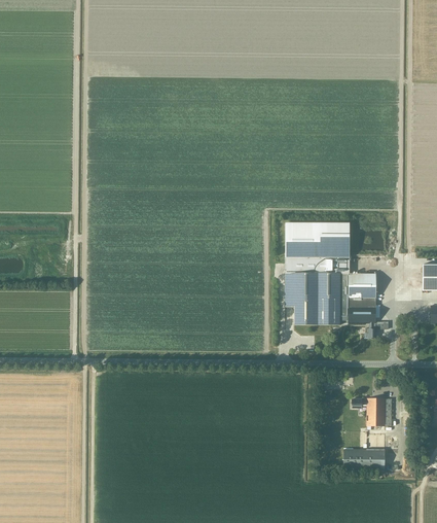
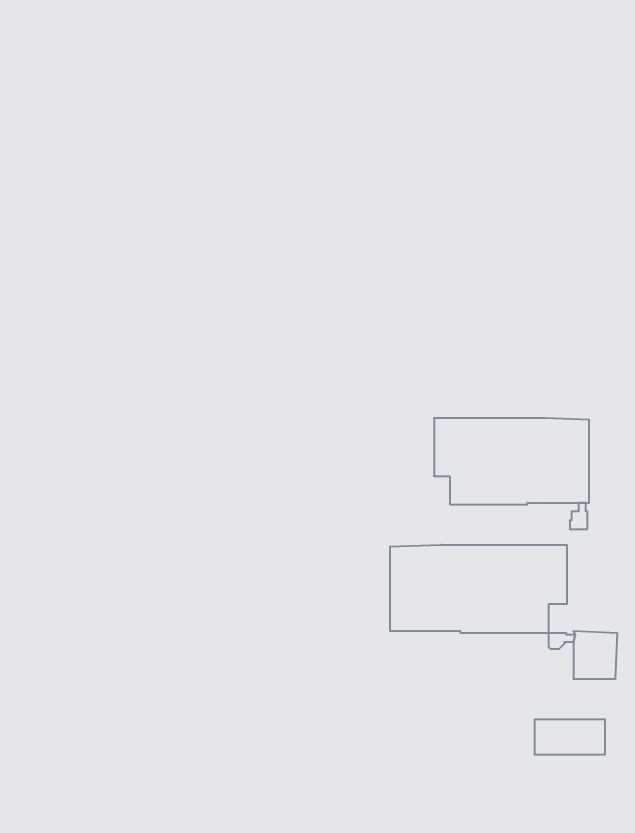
building: [286,223,351,273] -> none
building: none -> [390,545,567,633]

